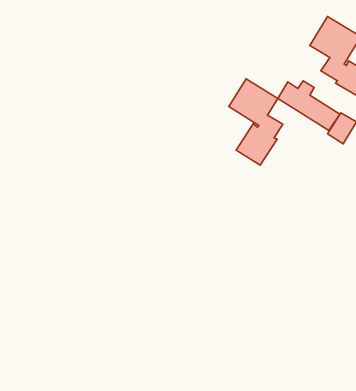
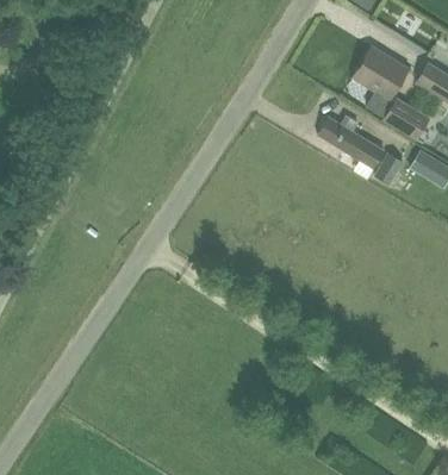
building: [229,79,283,165] -> none

